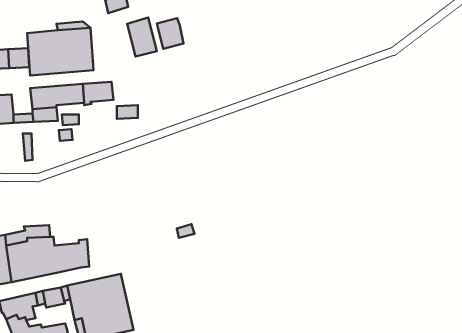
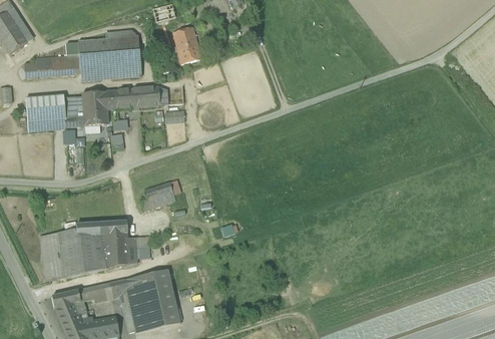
building: [157,18,183,49] -> none
building: none -> [140,183,176,212]
building: none -> [100,222,128,243]

